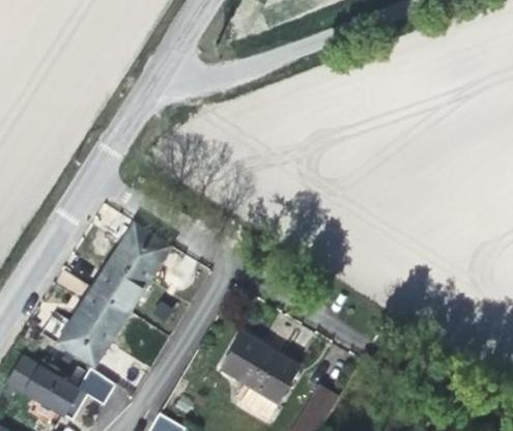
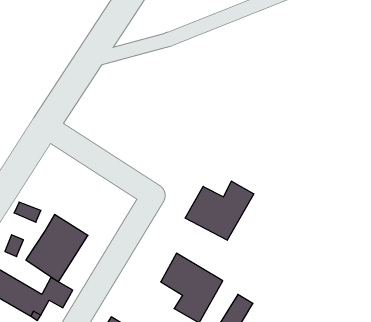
building: [90,221,174,313] -> none
building: none -> [185,181,254,240]

